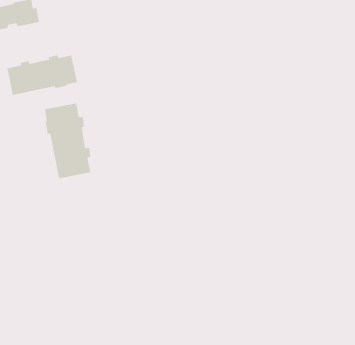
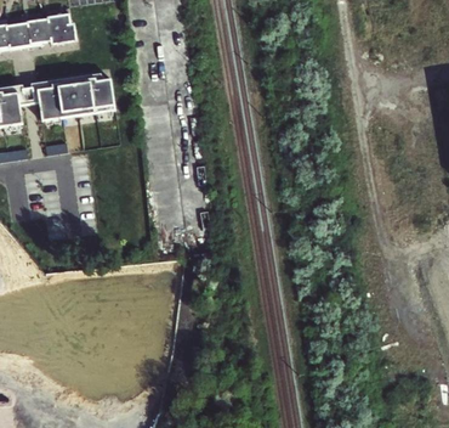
building: [44,102,91,179] -> none

